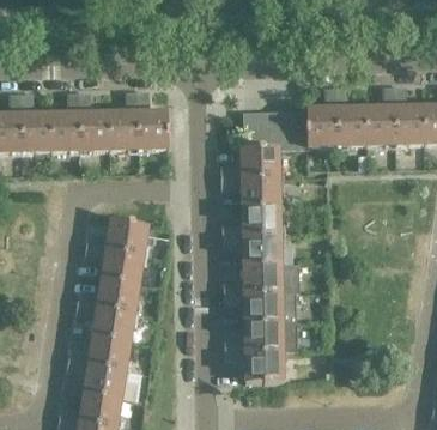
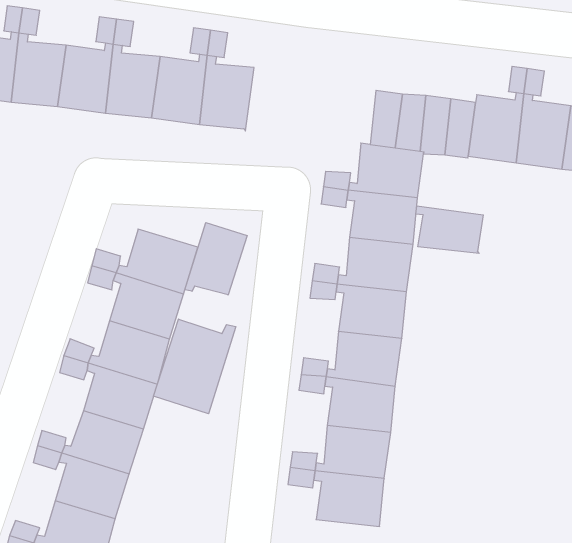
building: none -> [416,206,483,253]
building: none -> [185,223,247,295]
building: none -> [154,319,236,414]

